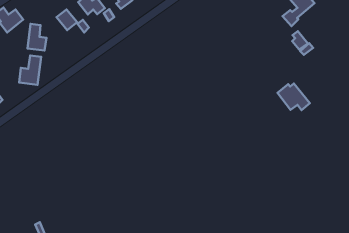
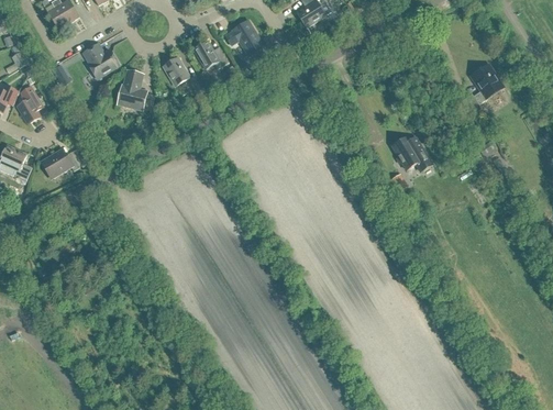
building: [19,55,41,85] -> none
building: [277,83,310,110] -> [391,135,432,171]

